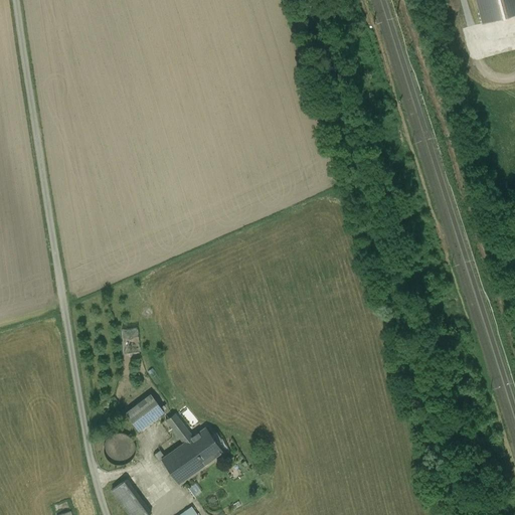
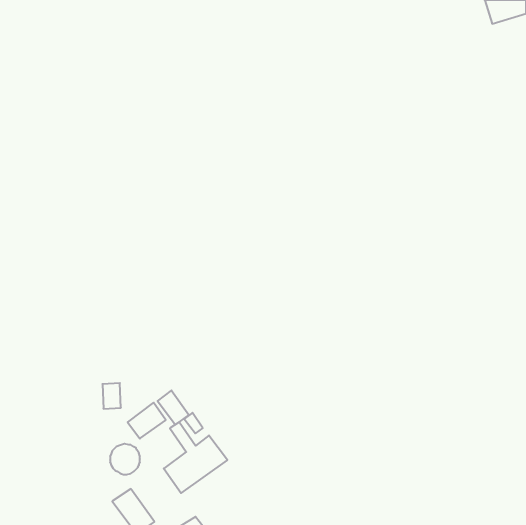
building: [122,328,140,353] -> [102,383,121,409]
building: none -> [158,390,189,425]

